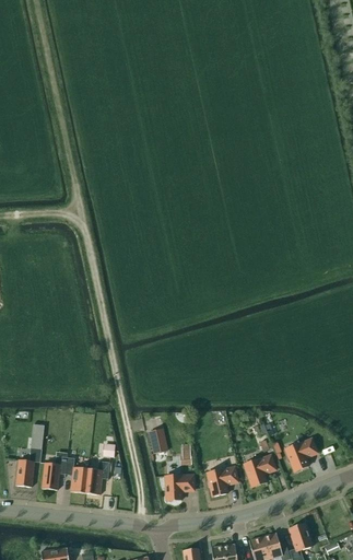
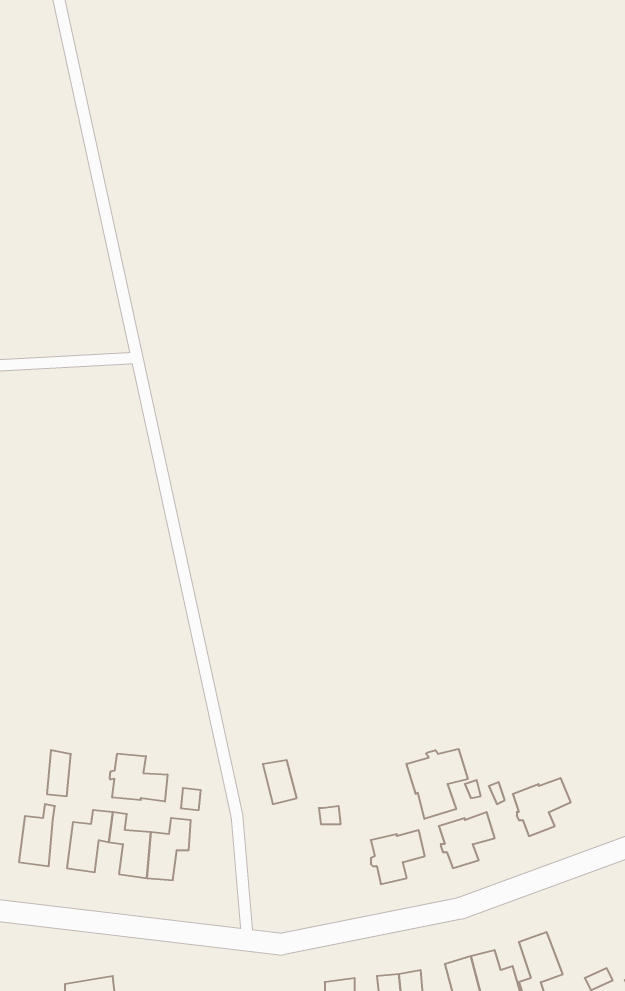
building: none -> [406,749,468,819]
building: none -> [110,754,167,802]
building: [166,475,193,500] -> none

